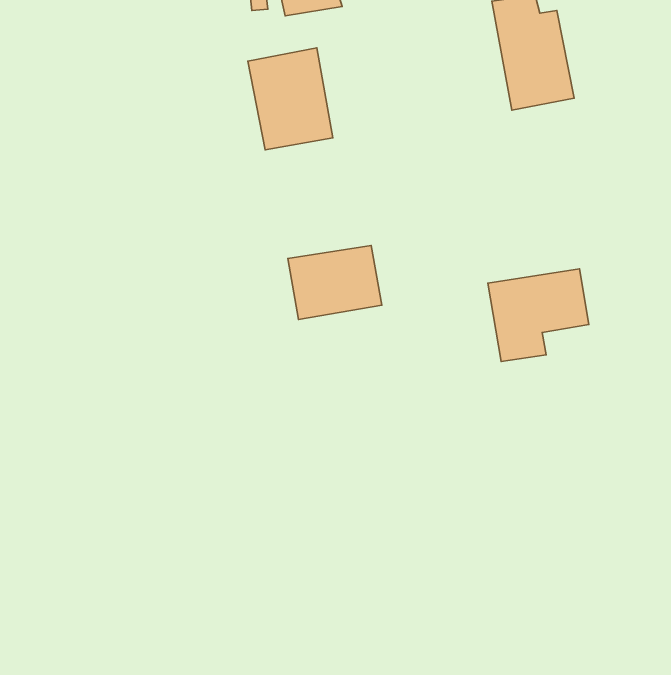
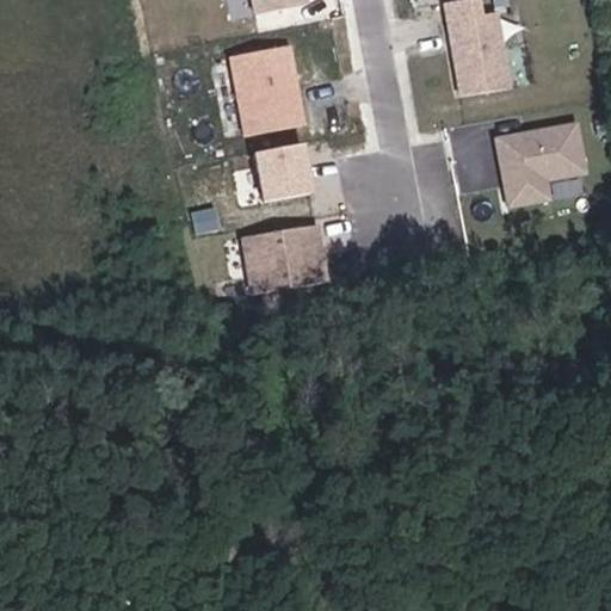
building: none -> [248,141,310,198]
building: [488,269,589,362] -> [496,125,587,209]

